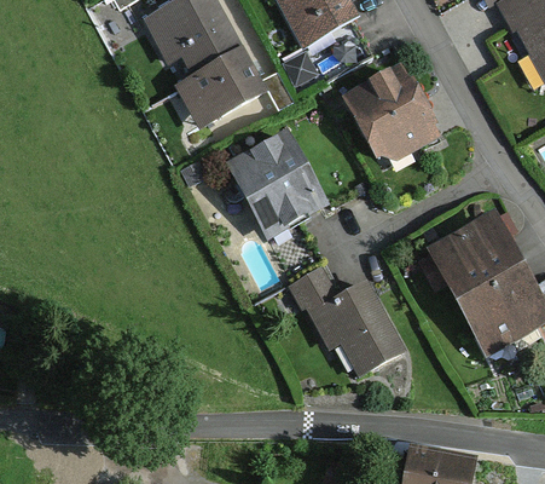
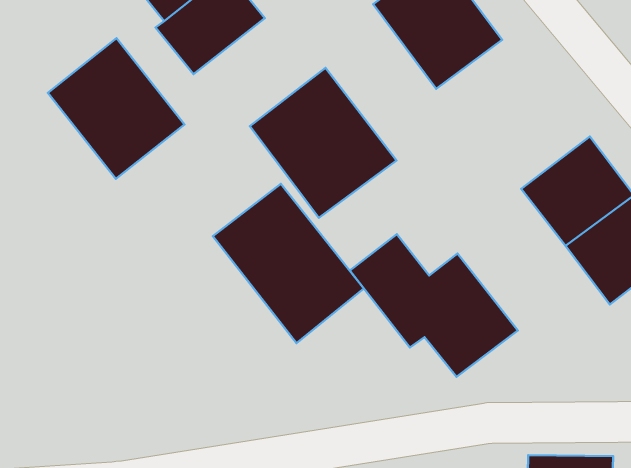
building: none -> [48,38,185,179]
building: none -> [213,184,364,343]

